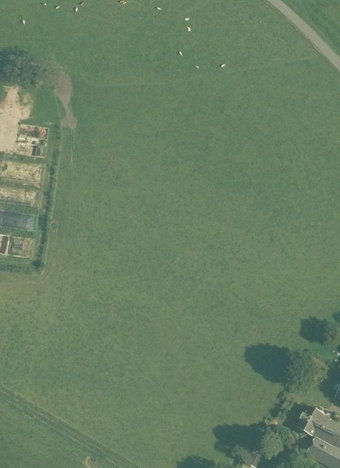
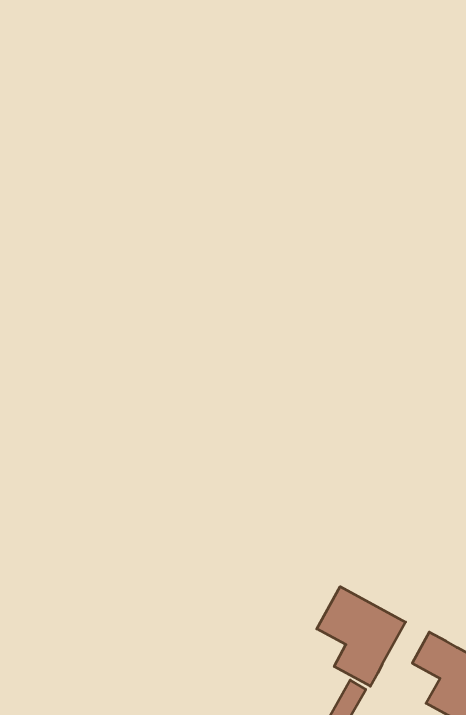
building: none -> [317,587,406,686]

